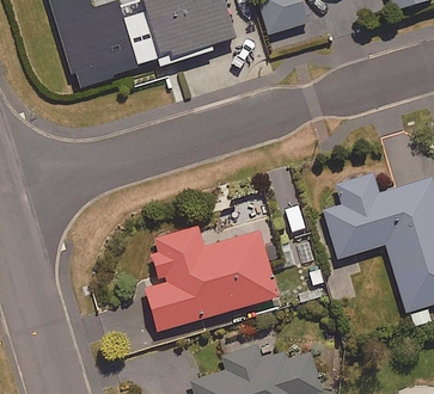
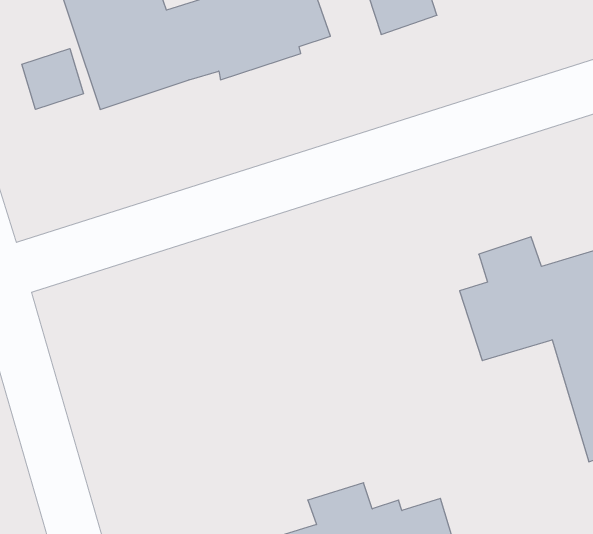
building: none -> [22,49,84,109]
building: [142,226,276,331] -> none

